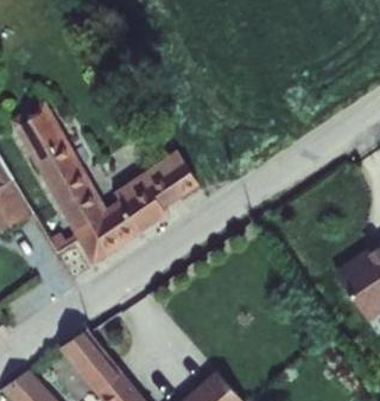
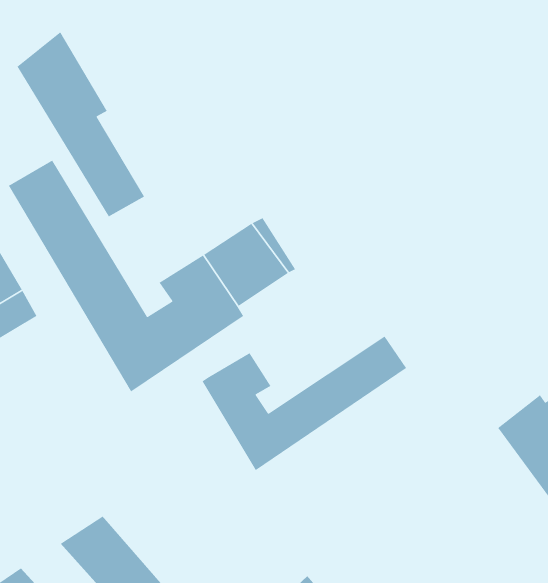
building: none -> [16,31,145,217]
building: none -> [202,336,407,471]

